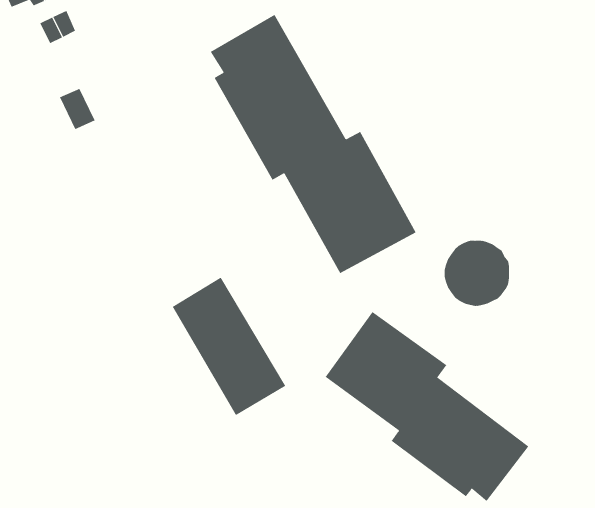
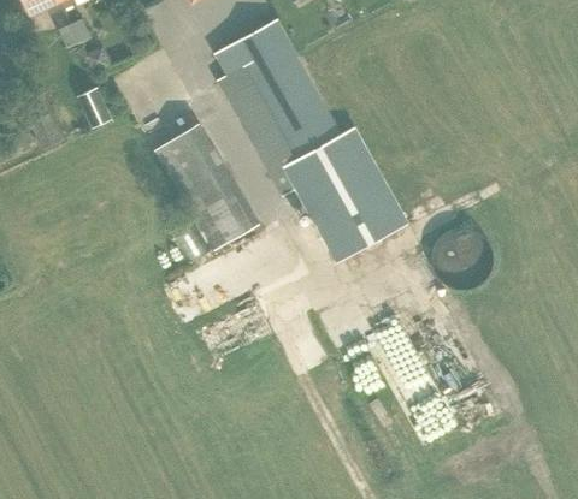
building: [172,277,286,416] -> [154,123,260,251]
building: [325,311,529,502] -> none

